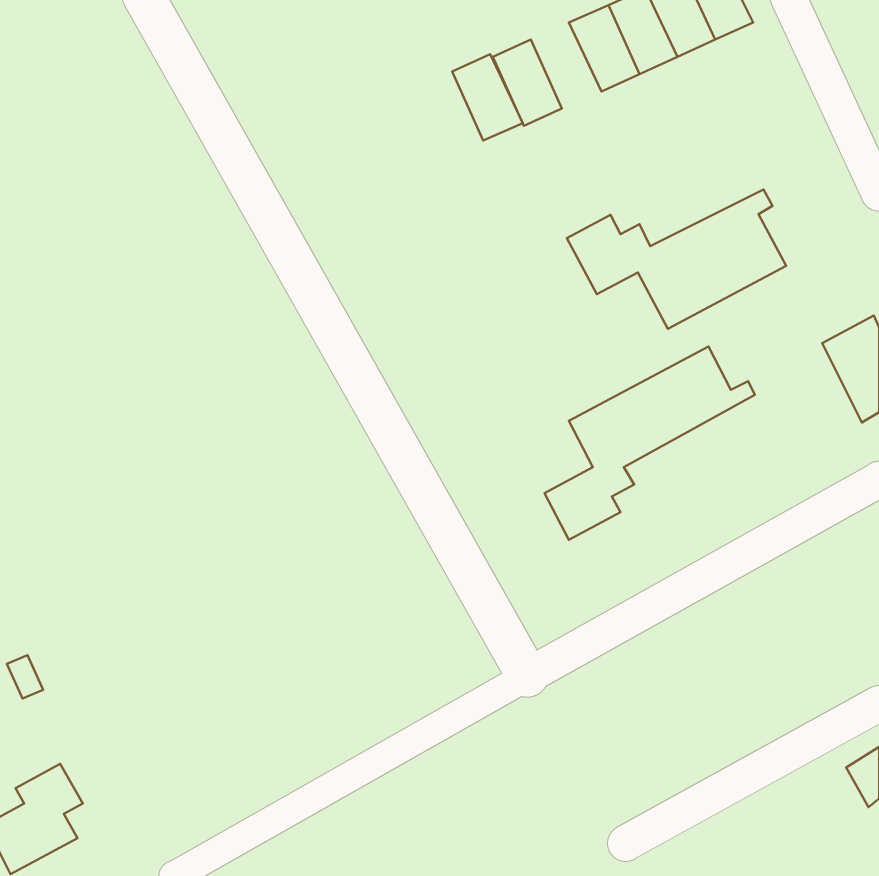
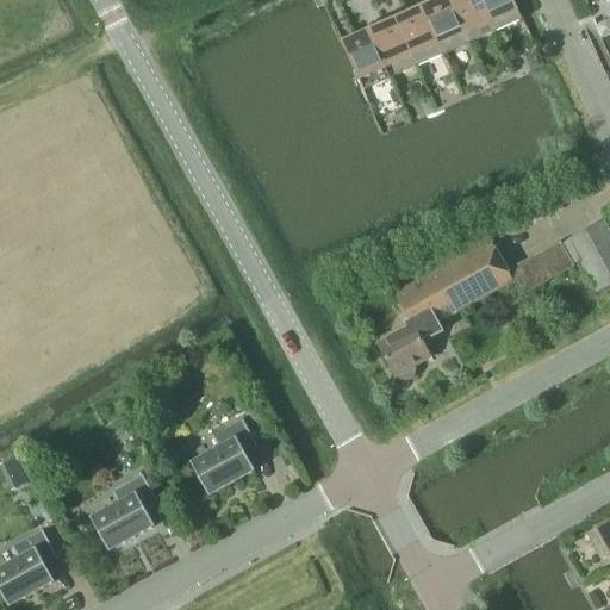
building: [452,54,523,140] -> [367,15,416,75]
building: [567,189,786,329] -> none
building: none -> [517,241,573,287]
building: none -> [189,417,257,493]
building: none -> [89,472,157,548]

